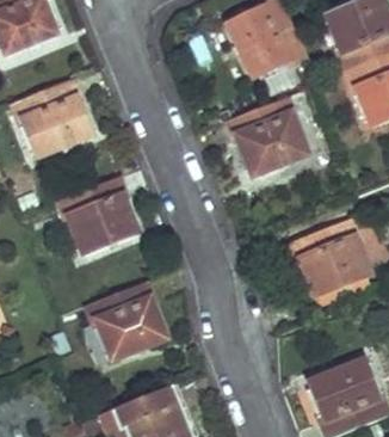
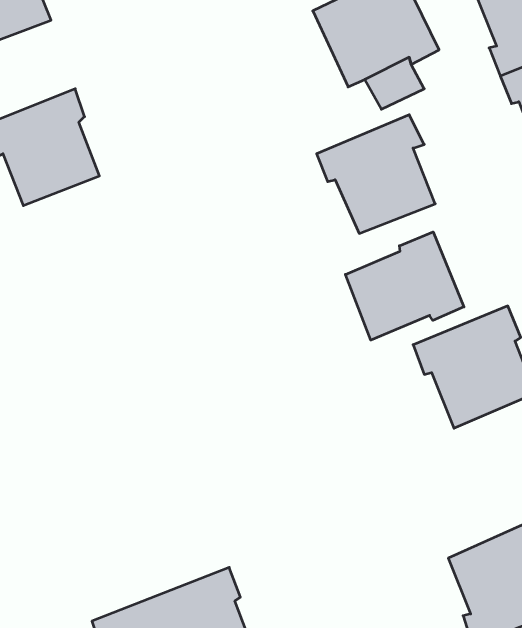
building: none -> [345,232,464,340]
building: [58,178,137,256] -> none
building: [86,281,167,358] -> none

